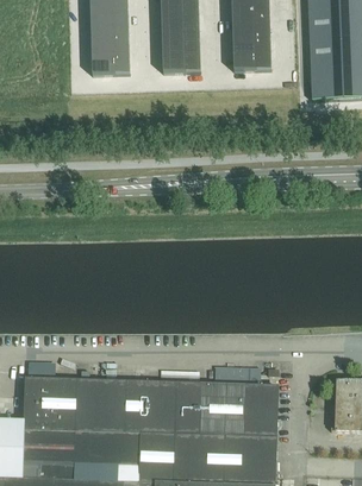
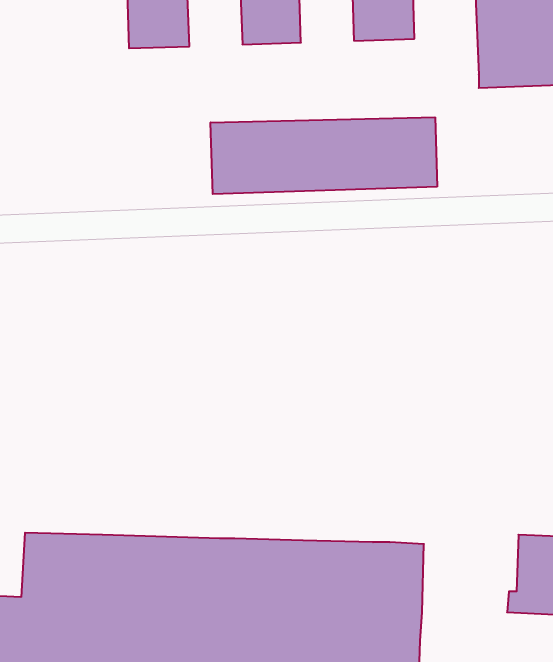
building: none -> [211,117,437,194]

